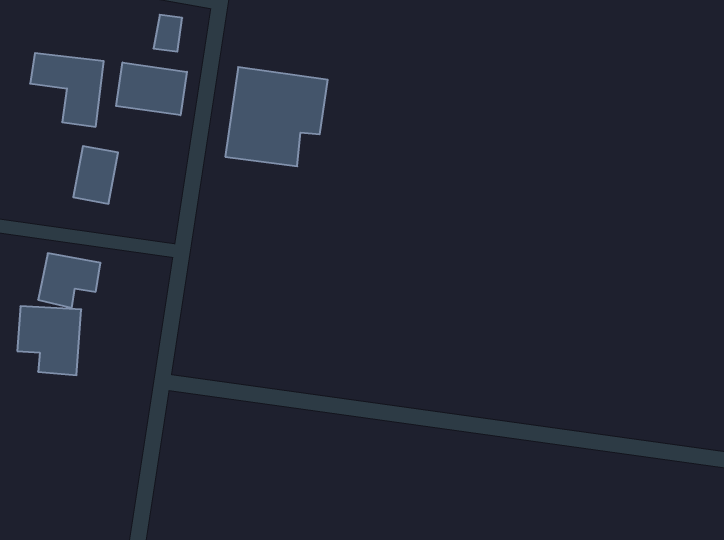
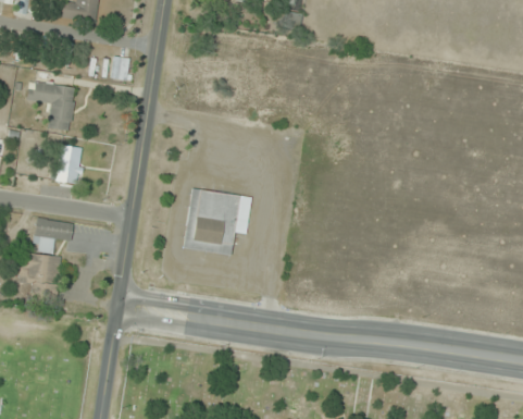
building: [116,62,187,115] -> none
building: [225,67,328,166] -> [182,187,251,255]

